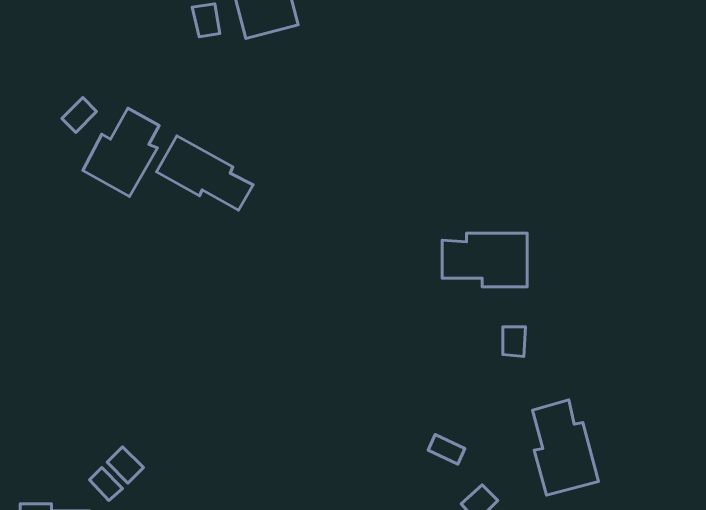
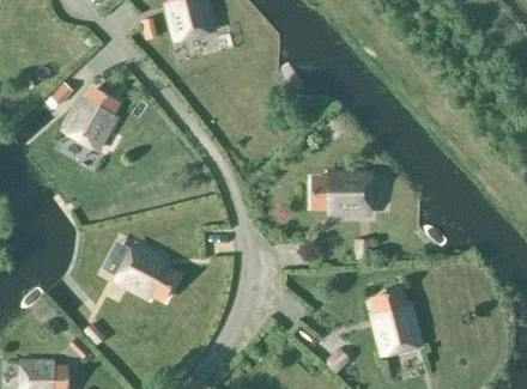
building: [157,136,253,210] -> none
building: none -> [116,245,177,298]

